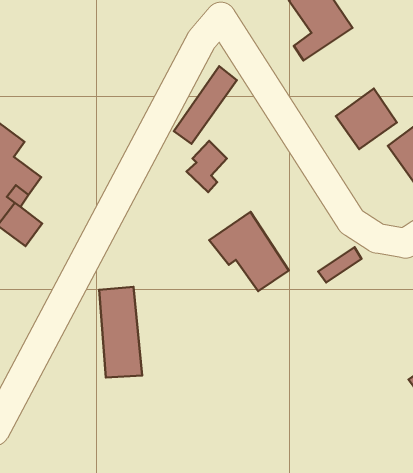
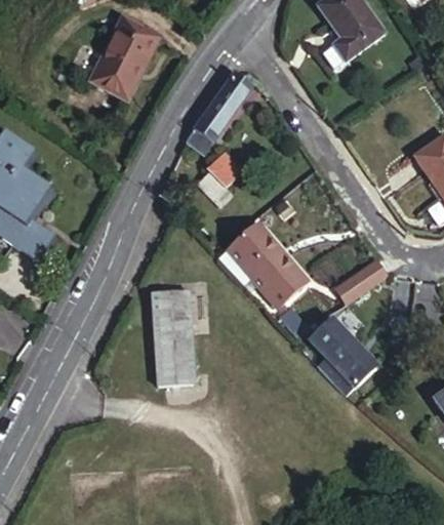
building: none -> [92,18,166,98]
building: [336,88,397,149] -> none
building: [99,287,142,377] -> [154,301,199,396]
building: none -> [313,313,379,387]

